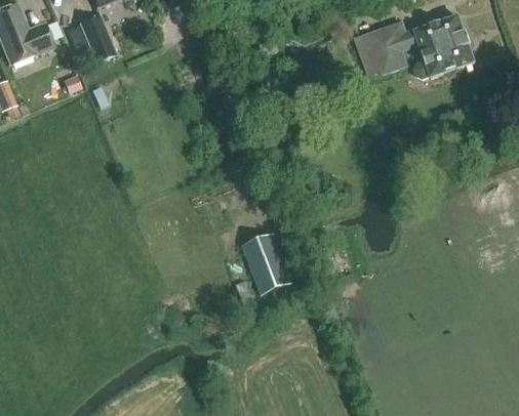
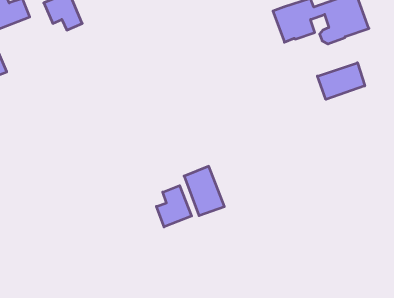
building: none -> [317,63,365,99]
building: none -> [156,186,192,227]

